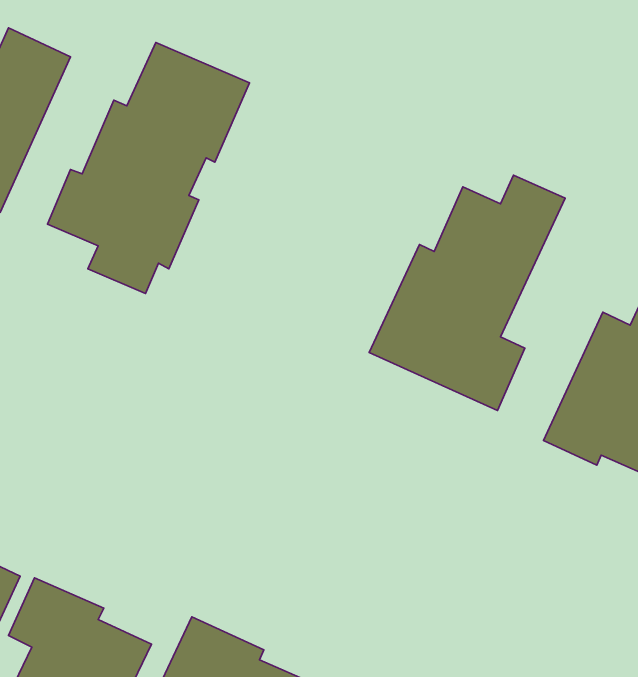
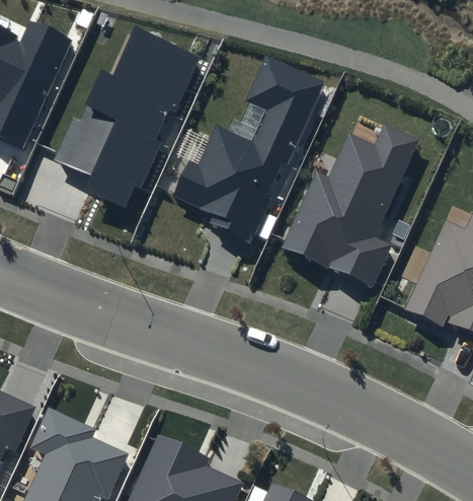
building: none -> [173,55,324,242]

